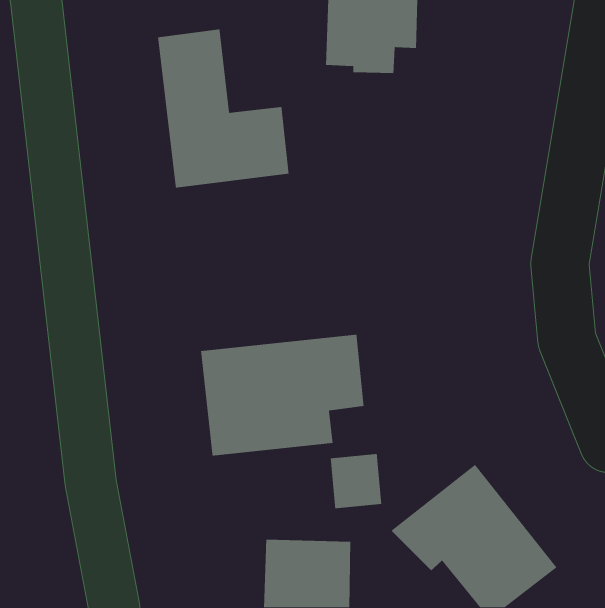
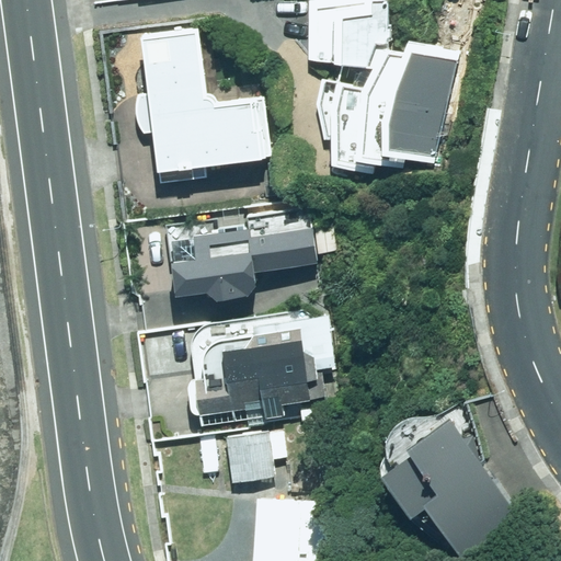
building: none -> [316,43,462,172]
building: none -> [159,224,313,300]
building: [330,453,382,509] -> [228,430,276,481]

